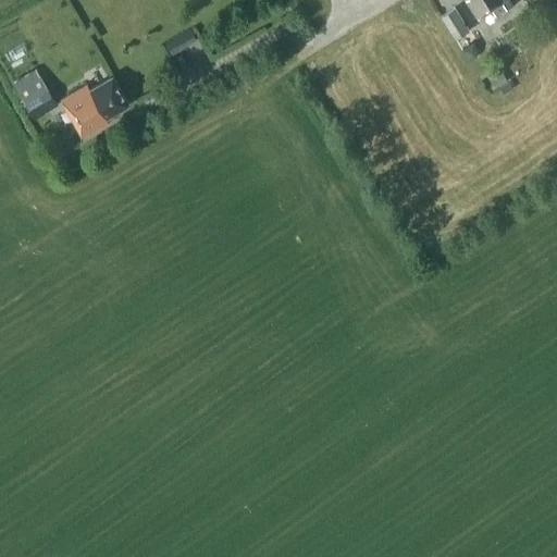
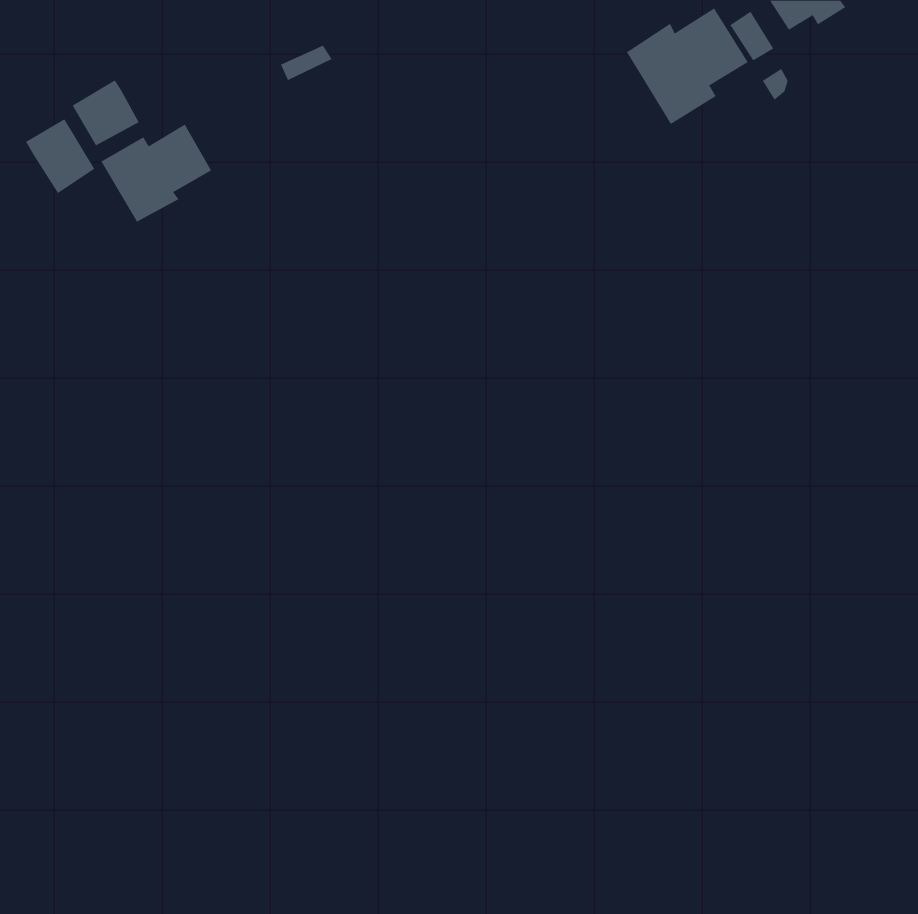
building: none -> [626,7,749,125]
building: none -> [72,79,139,146]

